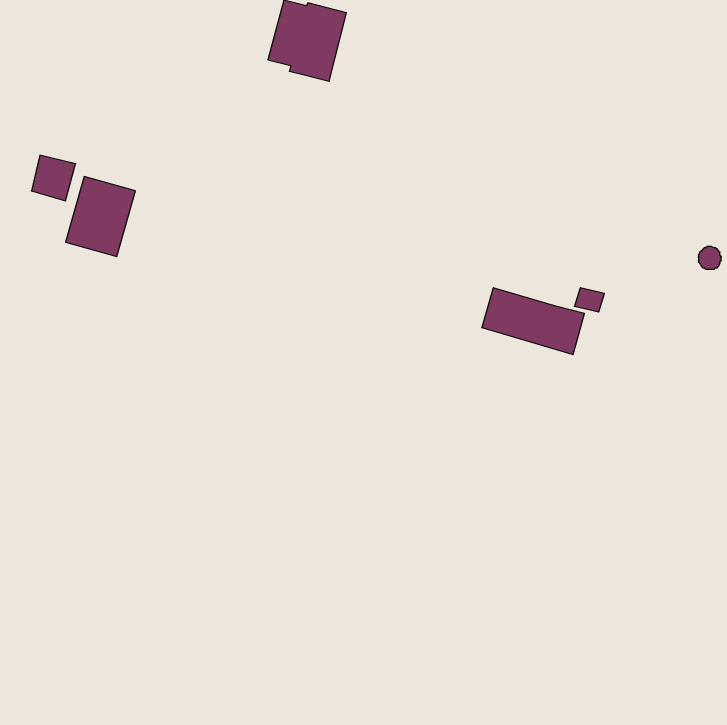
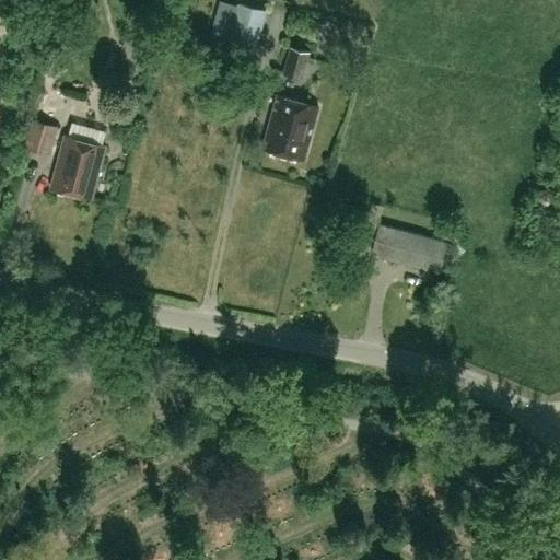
building: none -> [282,48,310,80]
building: none -> [261,97,317,162]

